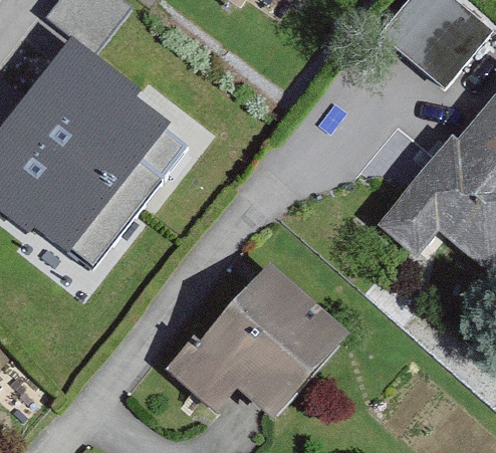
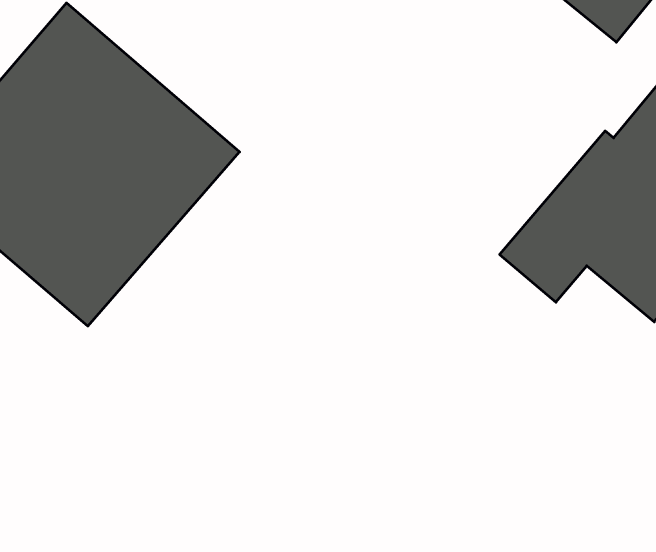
building: [163,264,347,418] -> none

